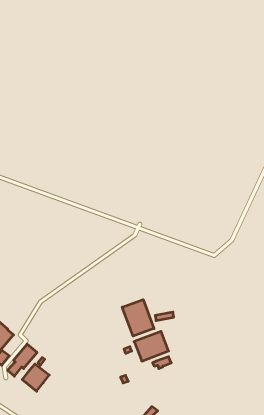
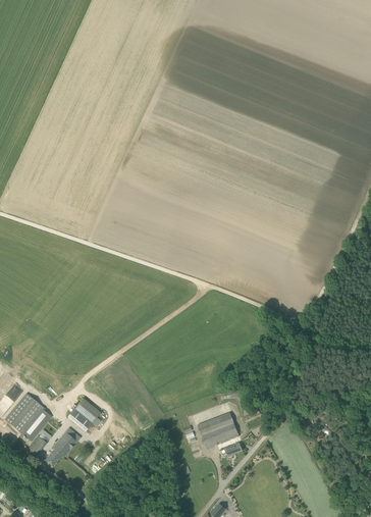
building: [122,300,154,336] -> none
building: [22,364,49,391] -> [66,398,99,430]

